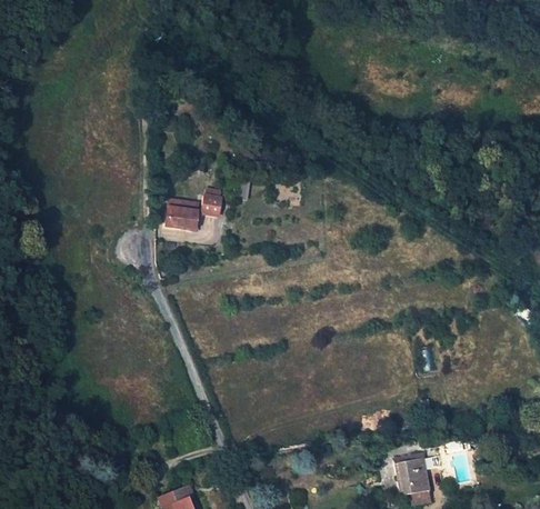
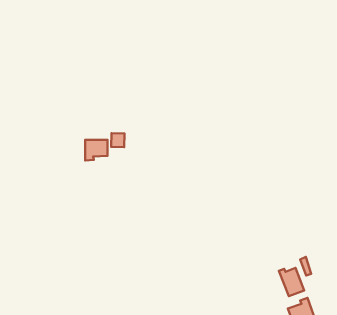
building: none -> [279,268,304,296]

